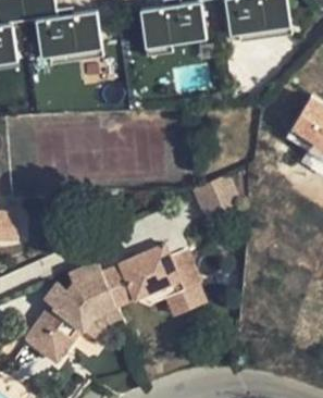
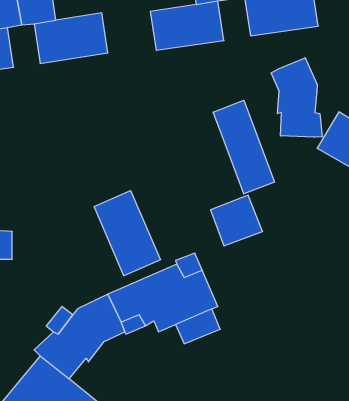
building: none -> [271,58,322,137]
building: none -> [213,100,274,194]
building: none -> [94,191,160,276]

